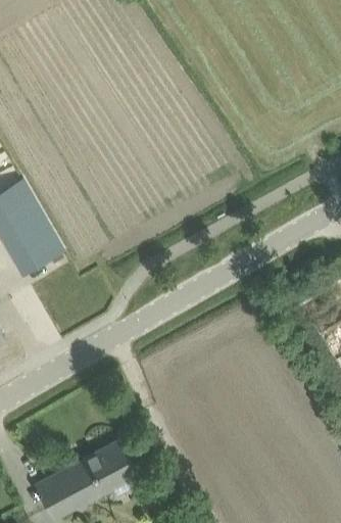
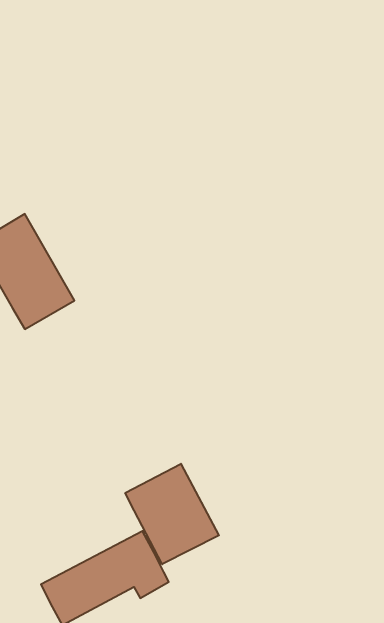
building: none -> [125,464,219,564]

